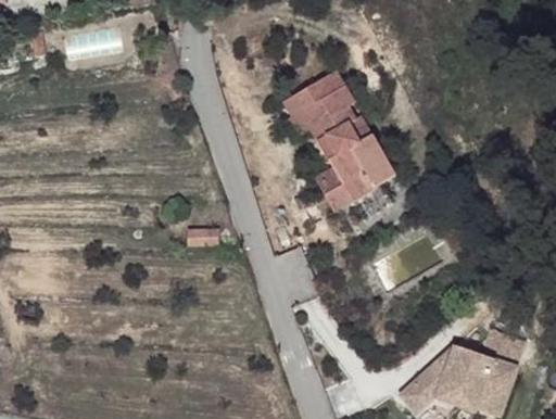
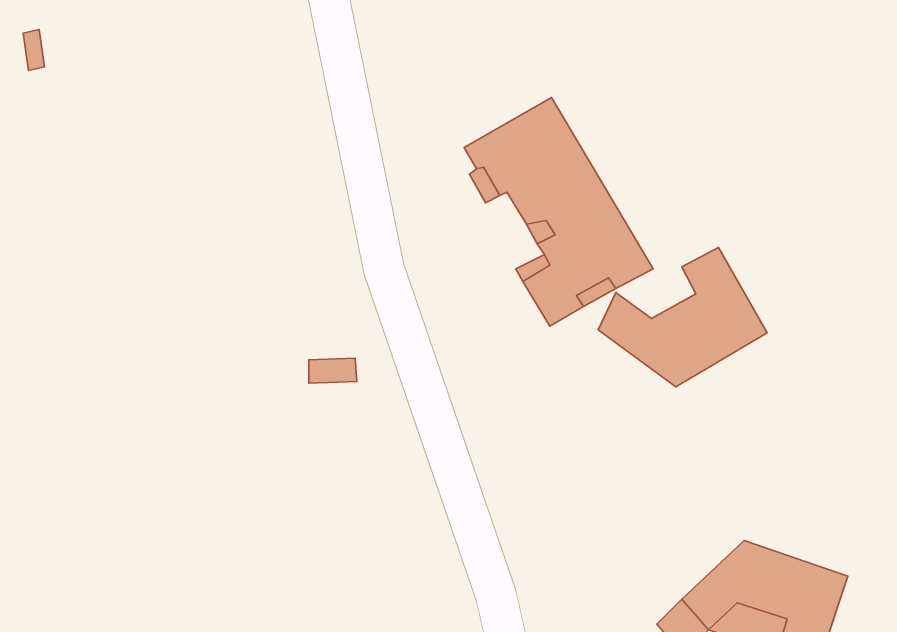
building: none -> [598,247,767,387]

